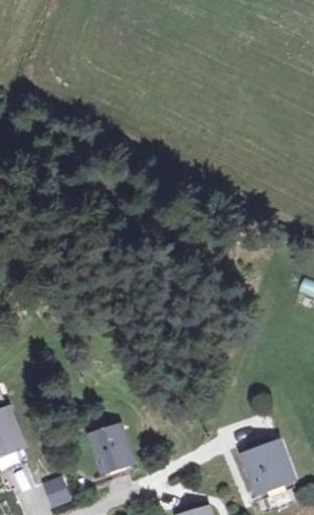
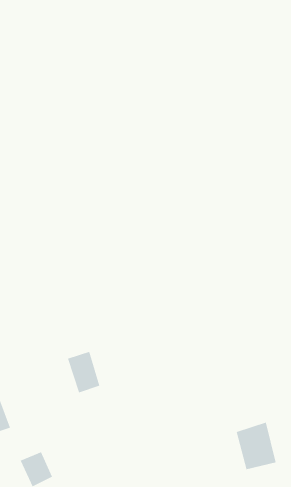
building: [94,428,126,470] -> [67,351,100,393]

